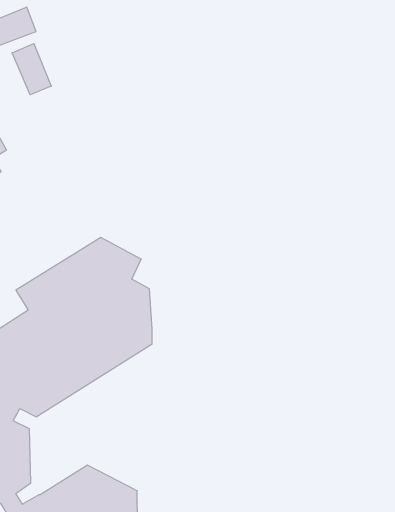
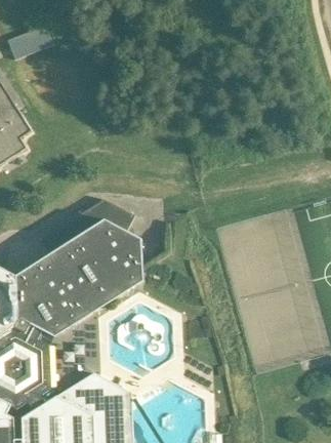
building: [12,44,51,95] -> none

